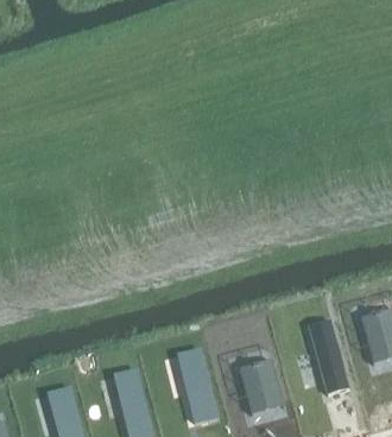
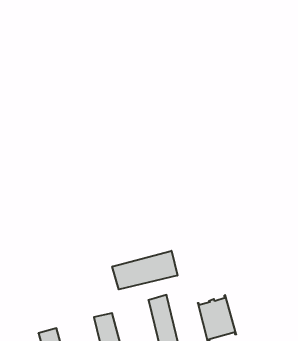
building: none -> [112,251,177,289]
building: [311,329,349,392] -> none

